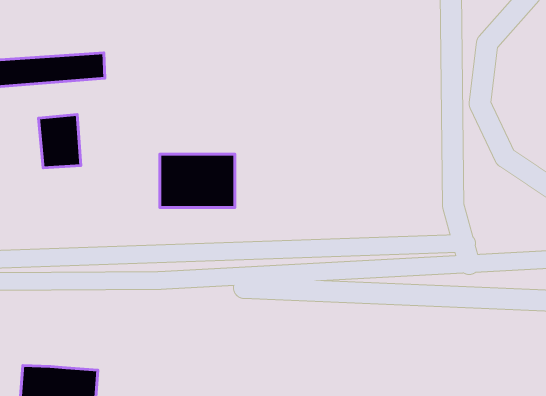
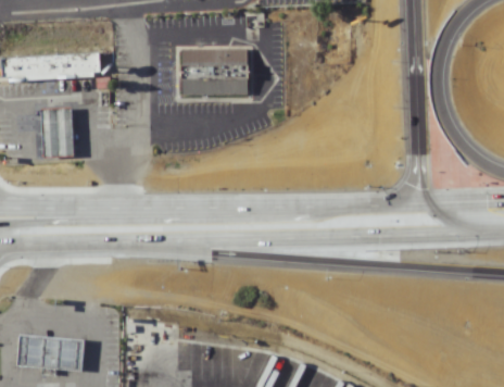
building: [160,154,235,208] -> [180,51,248,99]

